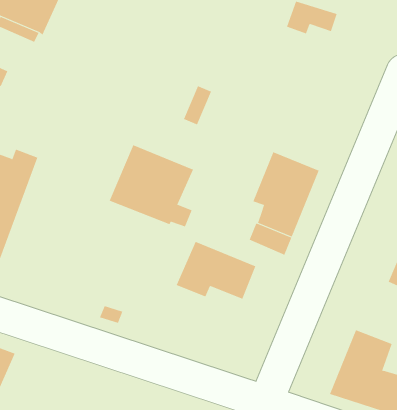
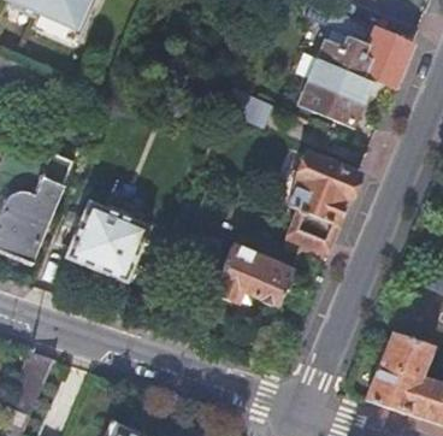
building: none -> [301,29,413,125]
building: [109,145,194,227] -> [65,204,150,287]

